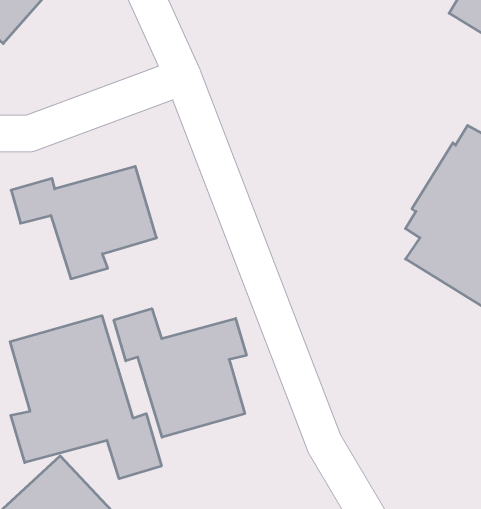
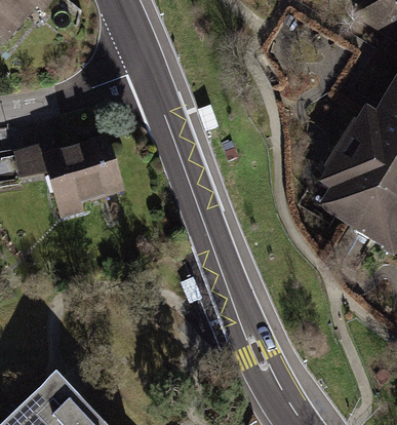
building: [114,309,246,437] -> none
building: [10,316,161,479] -> none

